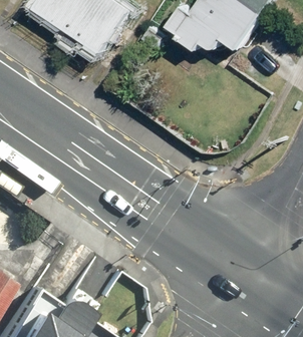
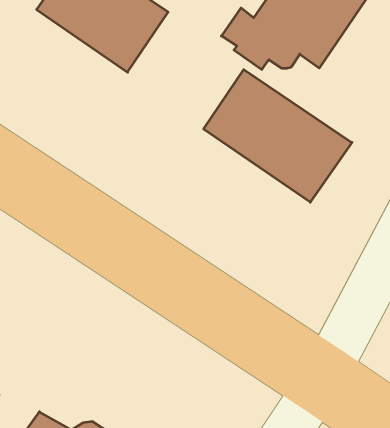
building: none -> [204,70,352,202]

